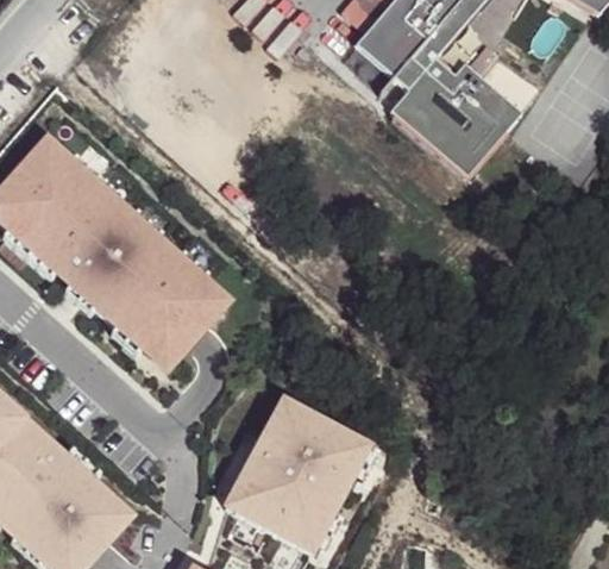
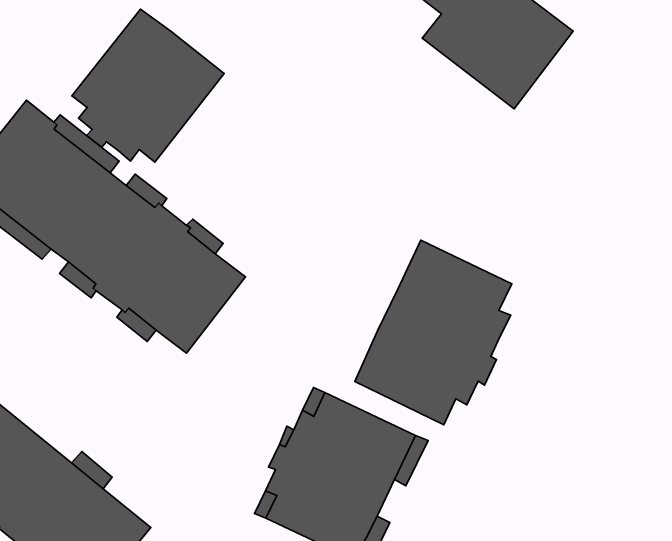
building: none -> [72,9,224,162]
building: none -> [355,240,512,425]

